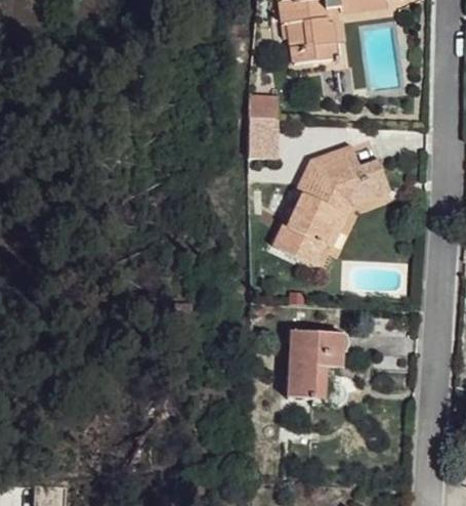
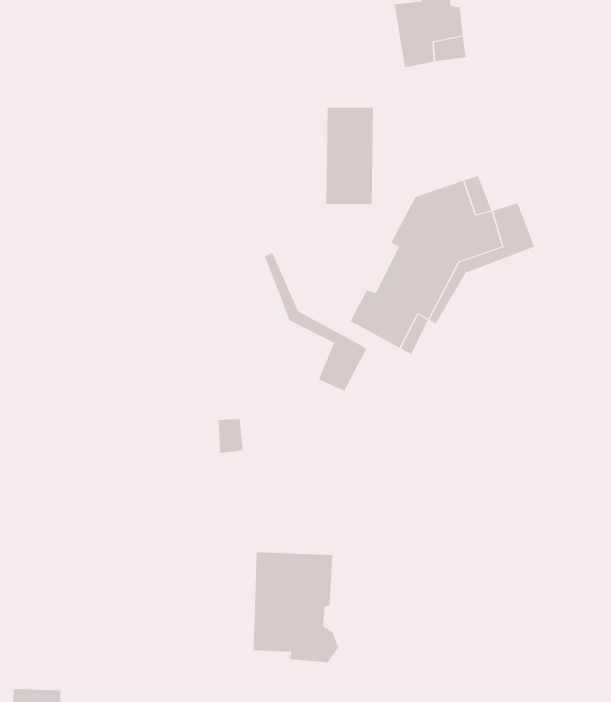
building: none -> [264,252,367,392]
building: [288,334,346,409] -> [253,552,339,663]

